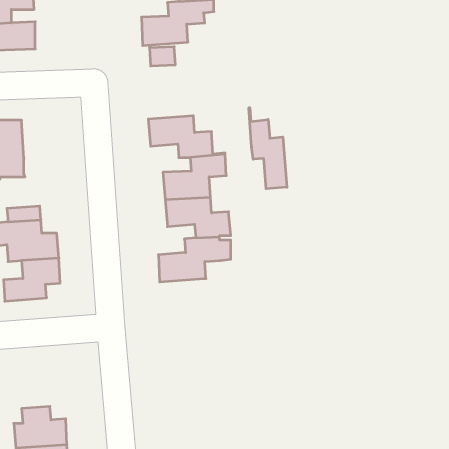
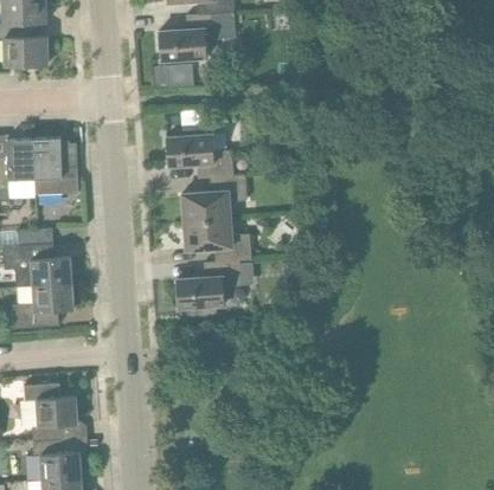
building: [249,108,287,189] -> none
building: none -> [32,137,77,195]
building: none -> [23,382,76,440]

